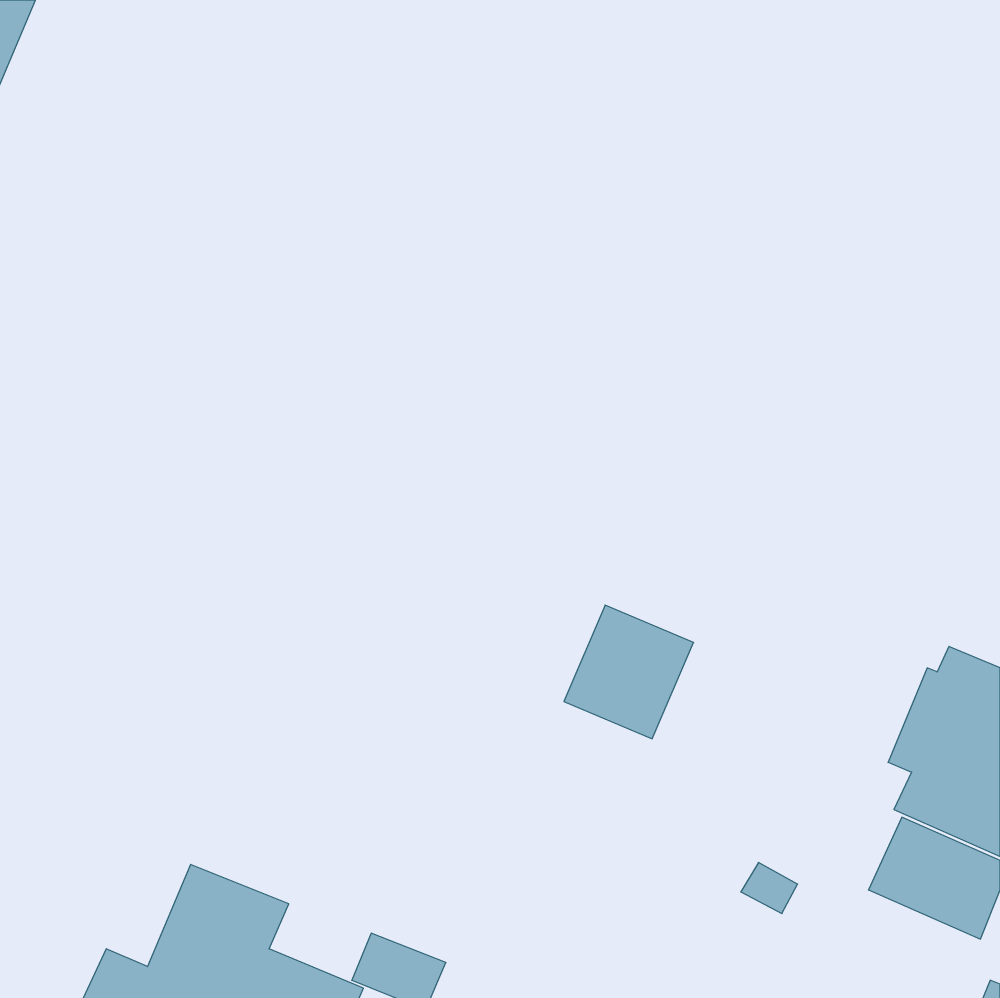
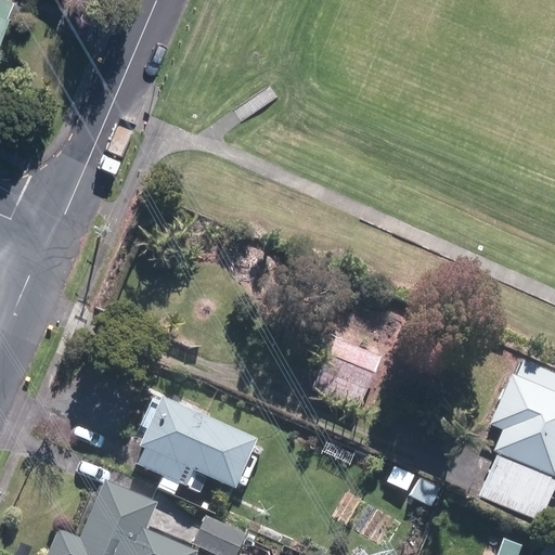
building: none -> [133,396,259,495]

